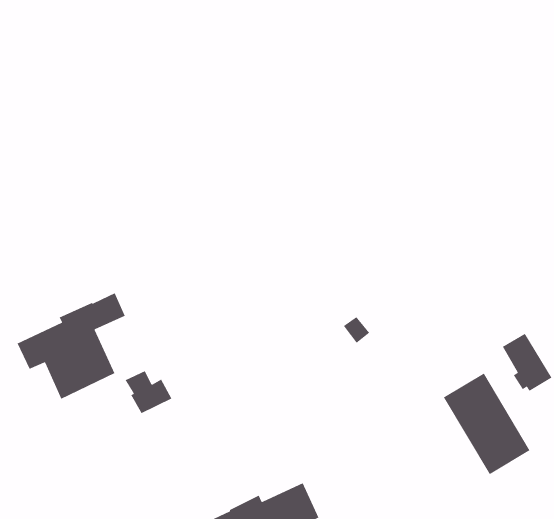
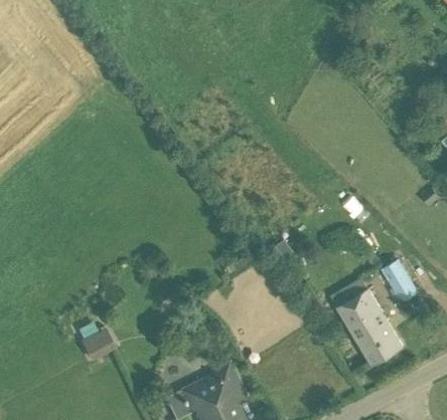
building: [17,292,126,400] -> none
building: [125,370,173,414] -> [78,323,113,355]

